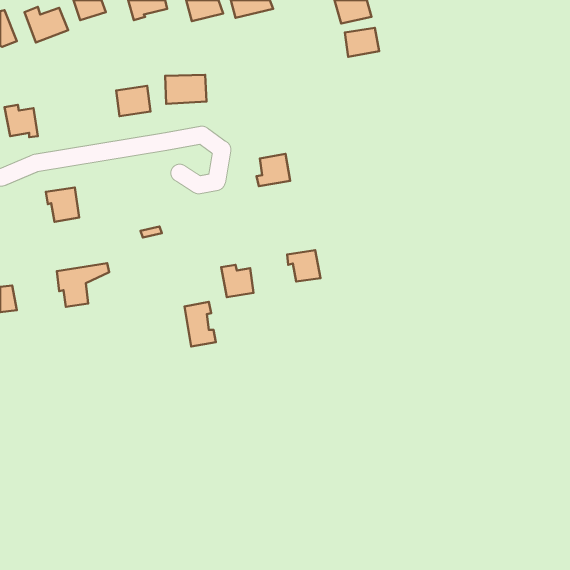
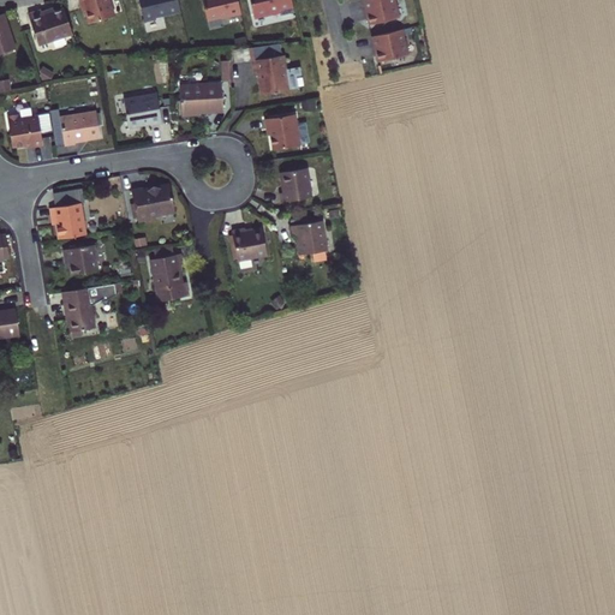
building: none -> [256,54,289,95]
building: none -> [58,106,100,148]
building: none -> [264,113,301,148]
building: none -> [127,183,173,220]
building: none -> [64,243,100,275]
building: [287,250,321,281] -> [291,219,327,252]
building: [221,265,253,297] -> [229,228,264,263]
building: [184,302,216,347] -> [153,253,186,301]

